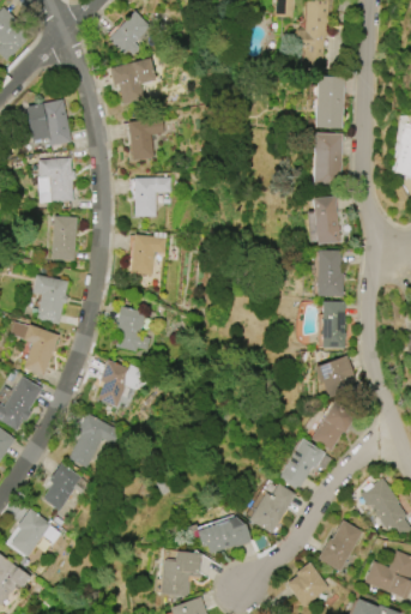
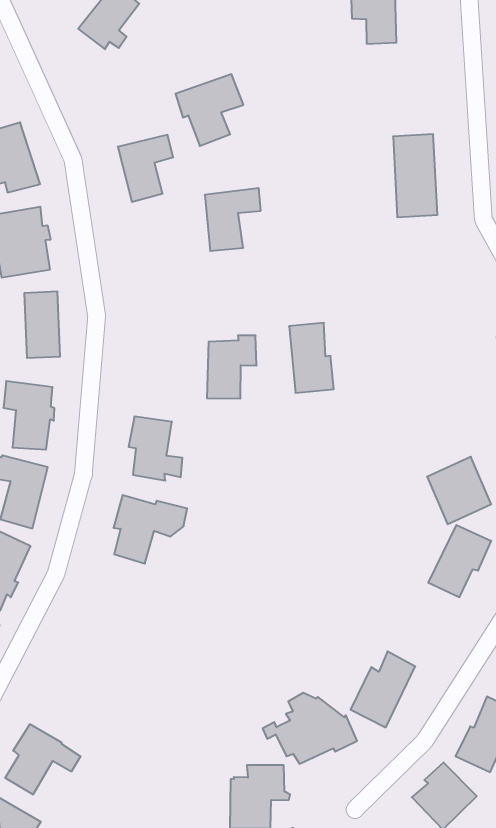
building: [110,59,156,106] -> [175,74,243,146]
building: [315,77,345,128] -> none
building: [134,177,171,217] -> [205,188,261,251]
building: [313,197,340,246] -> none
building: [129,233,167,276] -> [207,335,257,399]
building: [318,251,344,296] -> [289,323,334,393]
building: [321,302,346,349] -> none
building: [68,414,122,469] -> none
building: [278,440,325,490] -> none
building: [42,463,91,511] -> none

